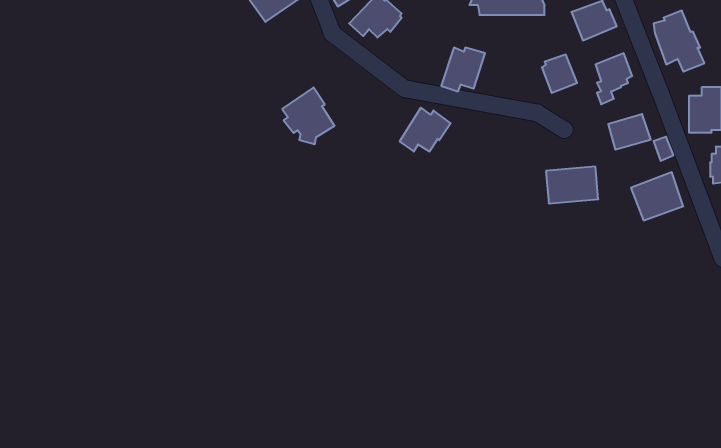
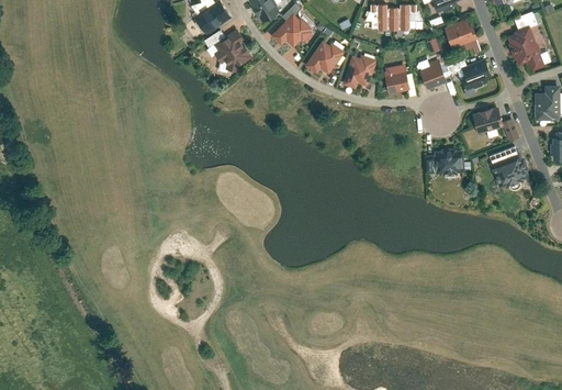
building: none -> [384,64,411,94]
building: [282,87,335,144] -> [213,29,254,73]
building: [400,108,451,152] -> [305,40,345,74]

